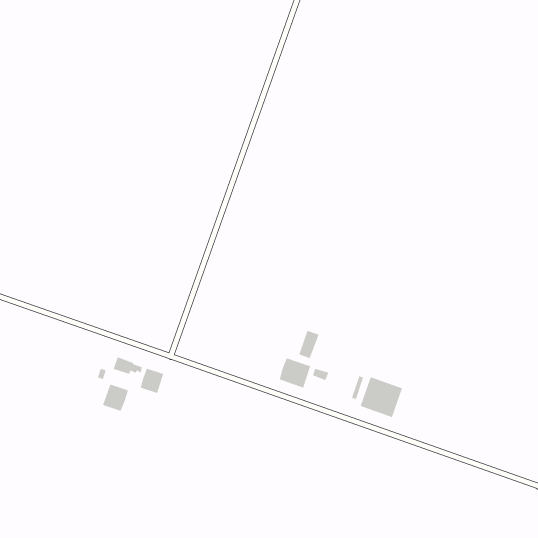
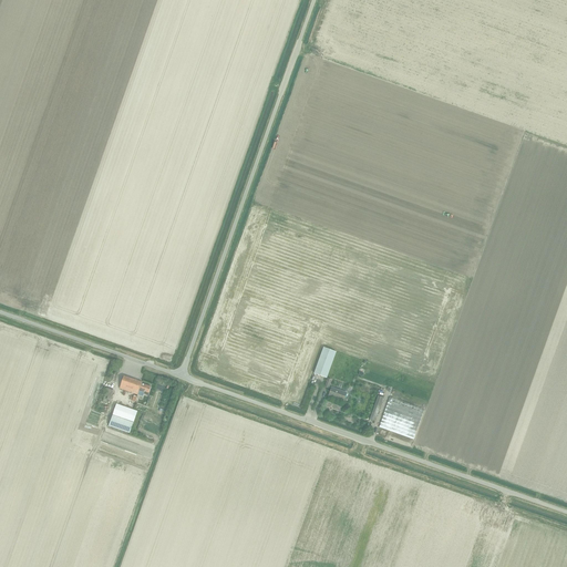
building: [279,357,311,388] -> none
building: [140,368,164,394] -> none

